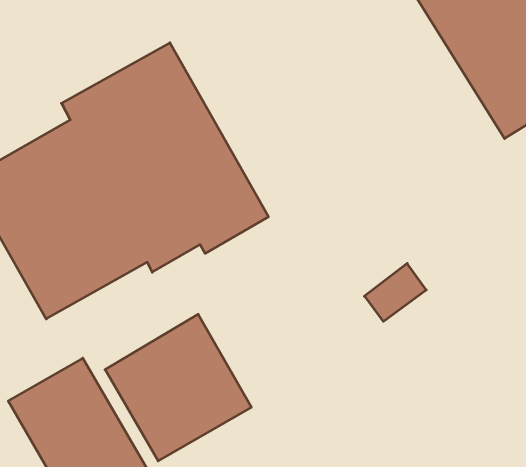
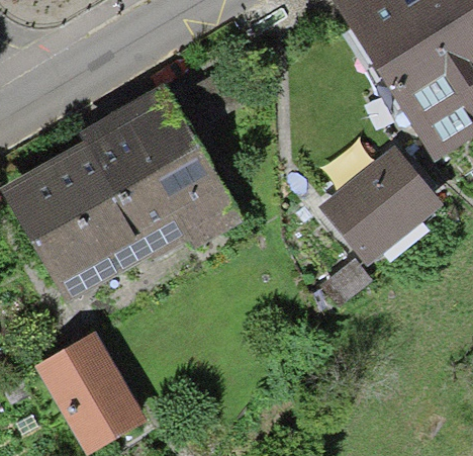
building: none -> [319,144,445,265]
building: [105,314,251,461] -> none

